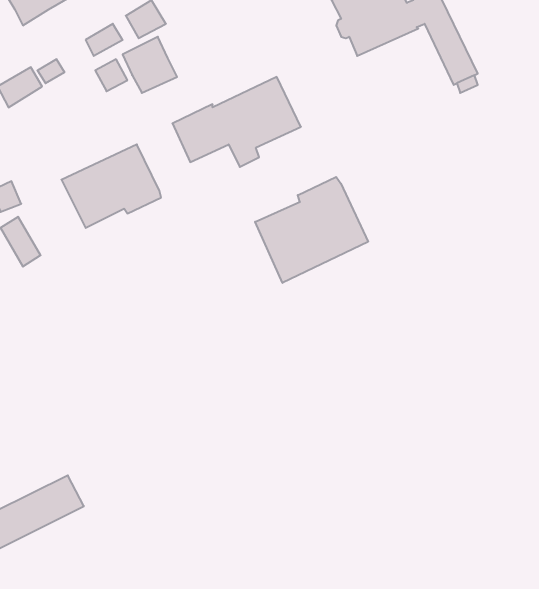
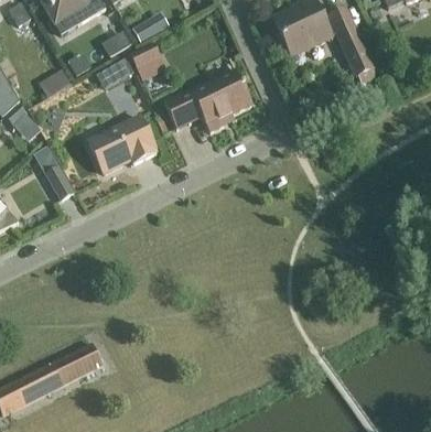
building: [255,177,368,283] -> none

